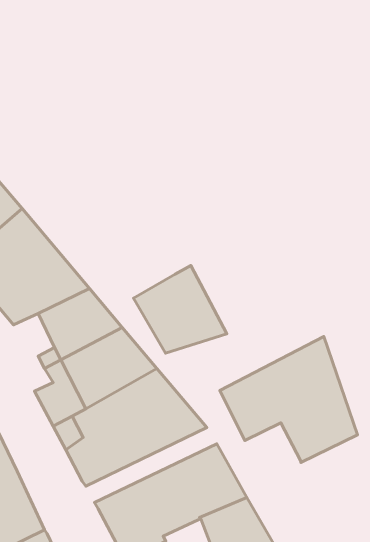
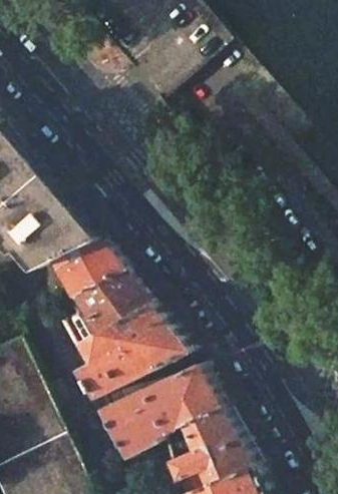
building: [134,266,227,353] -> none
building: [220,336,357,463] -> none

